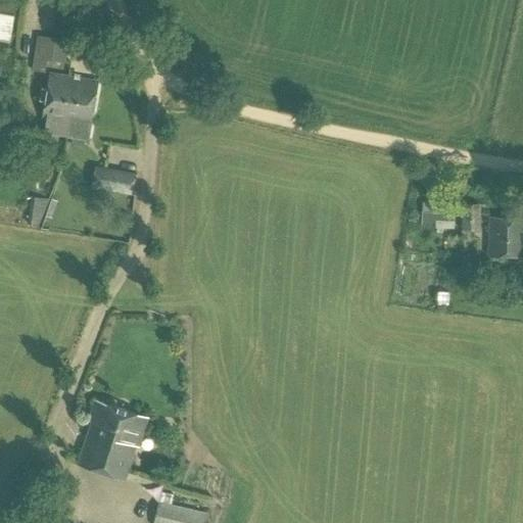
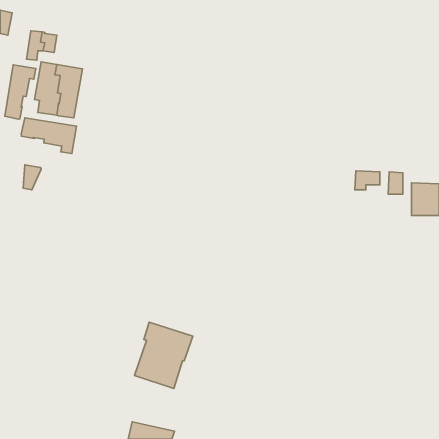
building: none -> [5,65,36,119]
building: none -> [21,118,76,154]
building: [103,170,135,195] -> none
building: [78,401,147,480] -> [134,322,193,388]

